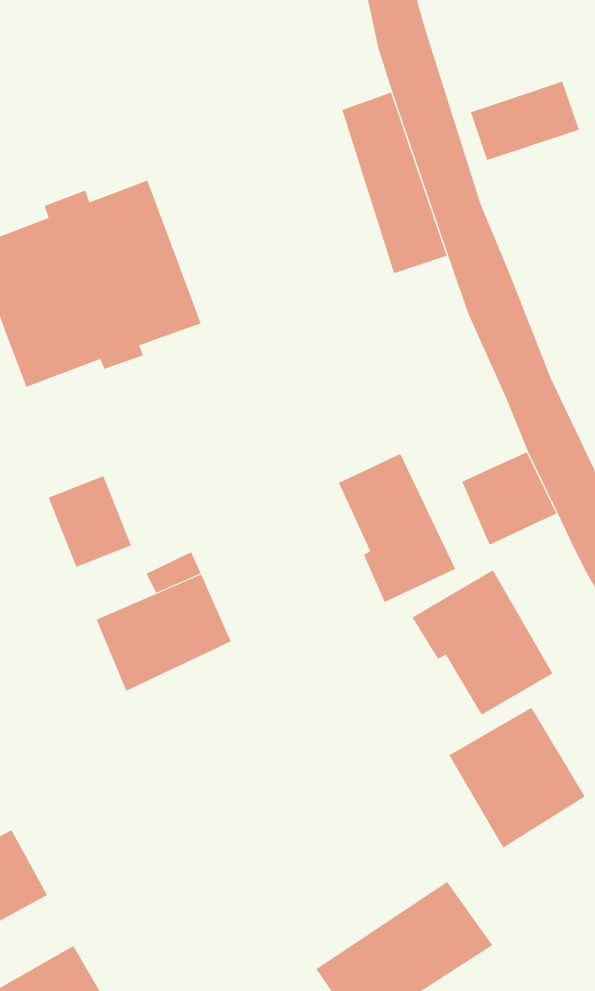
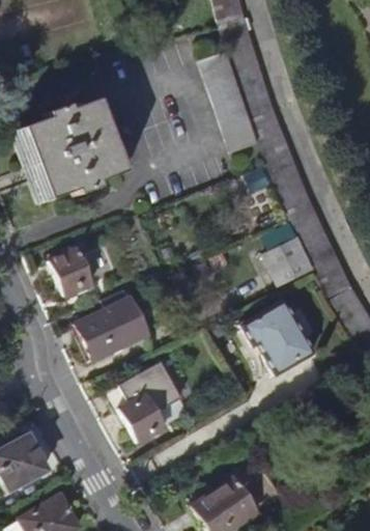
building: [470,81,580,161] -> none
building: [338,453,456,603] -> none
building: none -> [110,363,175,445]
building: [448,707,585,849] -> none

